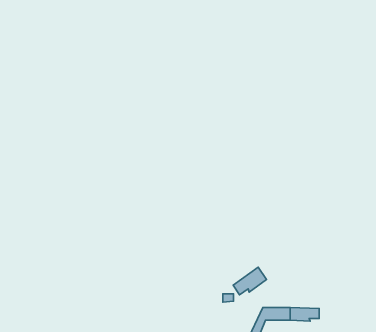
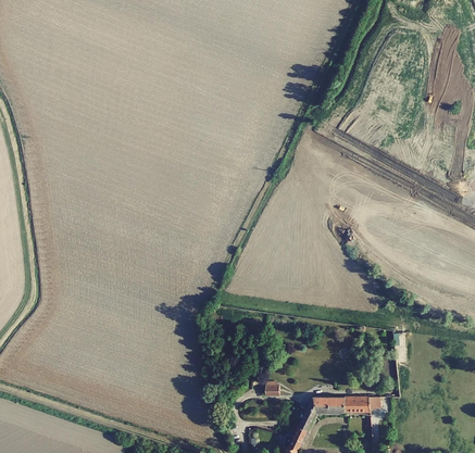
building: [233,267,266,295] -> none

